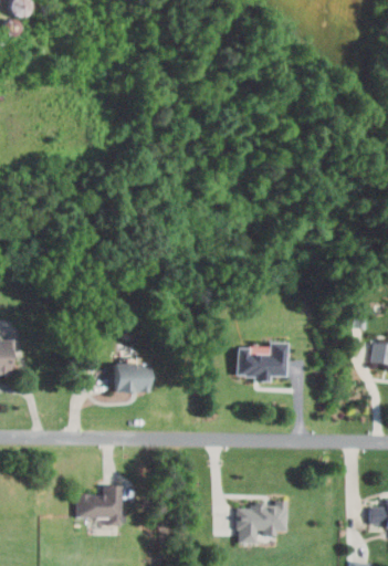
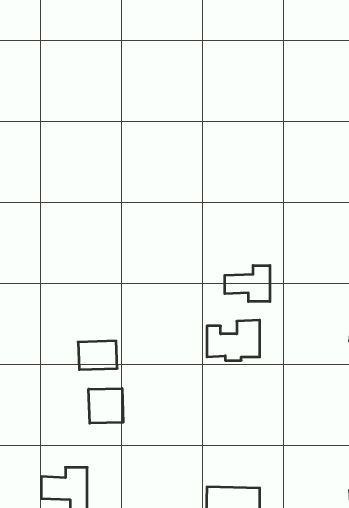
building: none -> [225,265,270,302]
building: none -> [89,388,123,423]

